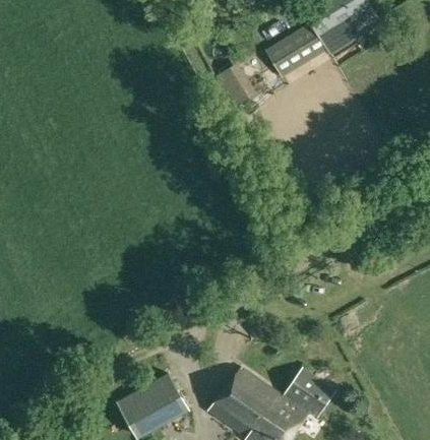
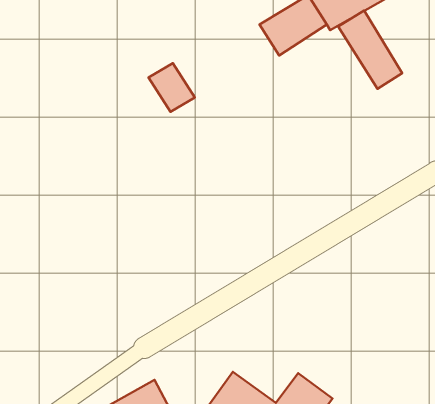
building: none -> [338,11,402,89]
building: [216,63,258,108] -> [148,63,195,112]

